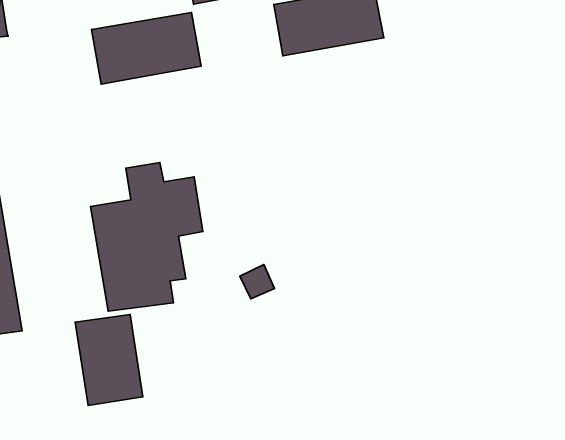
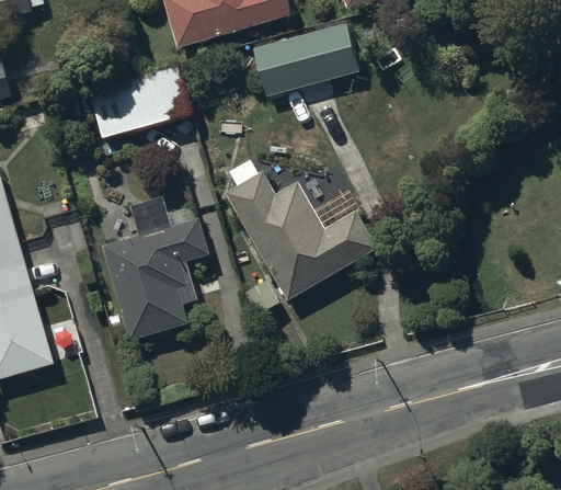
building: none -> [226,153,378,303]
building: [75,314,143,406] -> none

